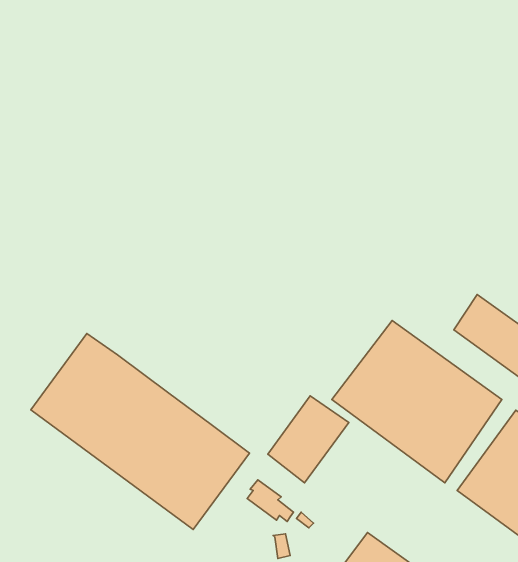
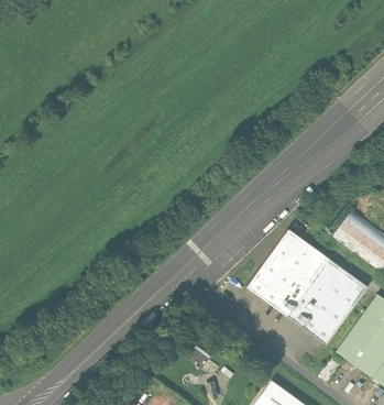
building: [31,334,249,530] -> none
building: [268,396,349,483] -> none

